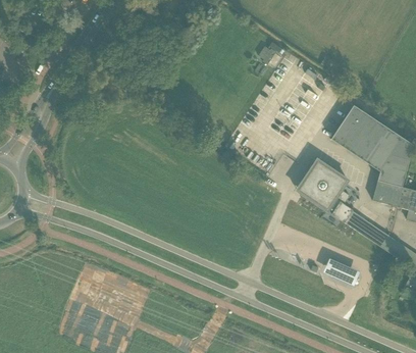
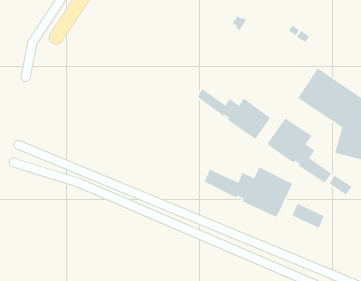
building: none -> [196,88,271,140]
building: none -> [203,166,293,217]

